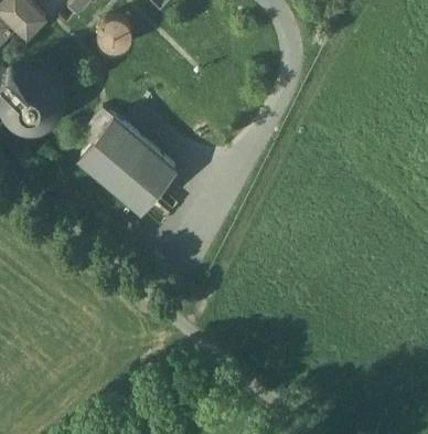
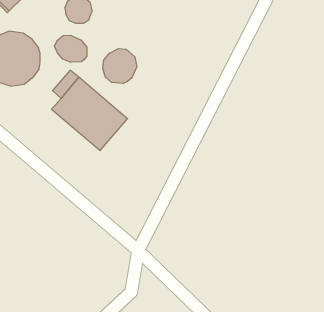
building: none -> [55,35,87,62]
building: none -> [103,49,137,84]

